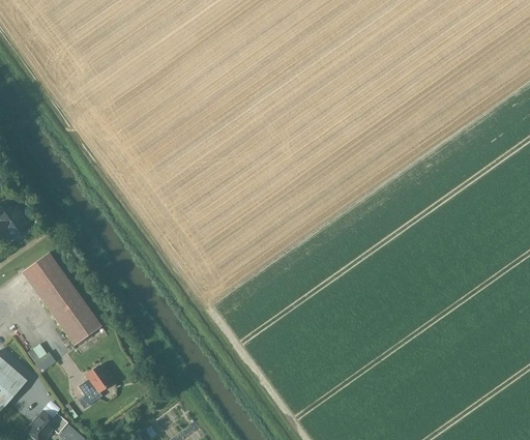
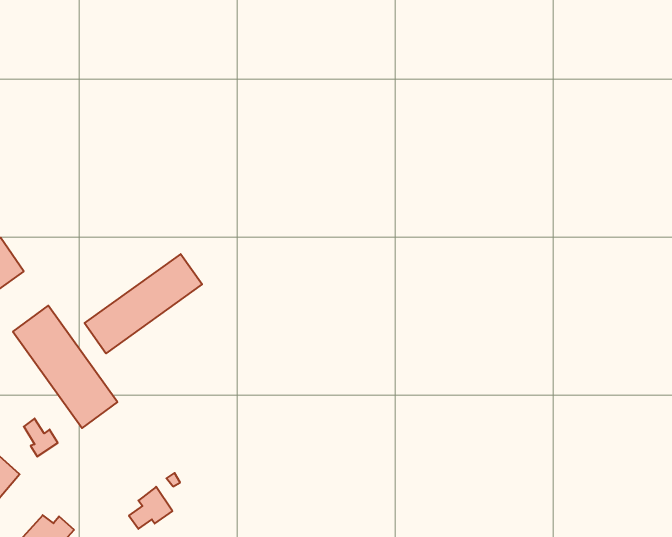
building: none -> [85,254,202,353]
building: [78,364,111,397] -> [129,487,172,529]

